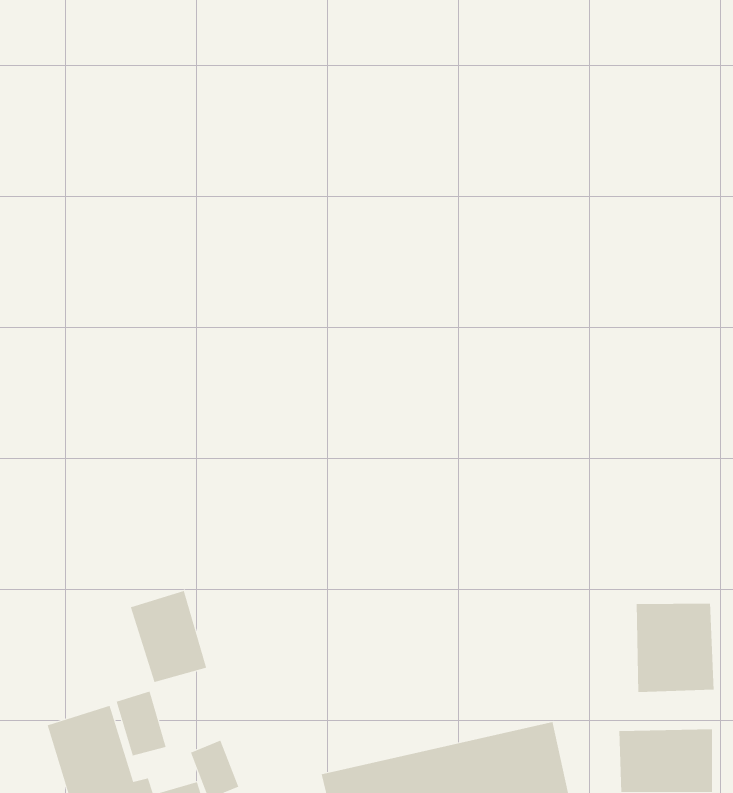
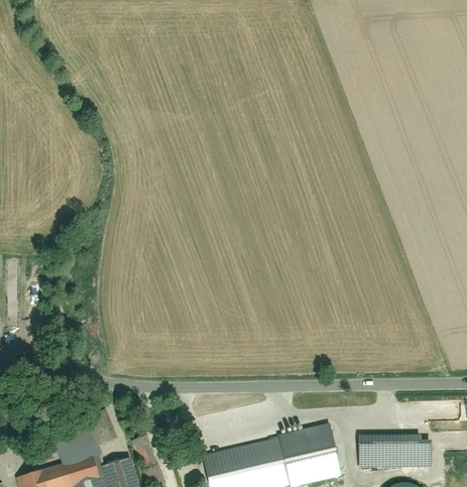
building: [130,590,207,683] -> none
building: [636,603,714,693] -> none

